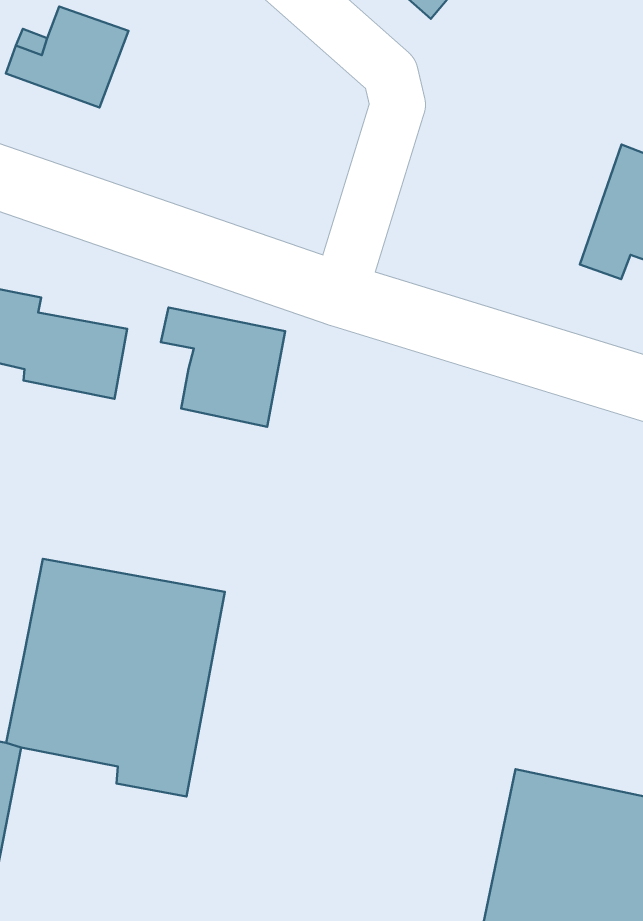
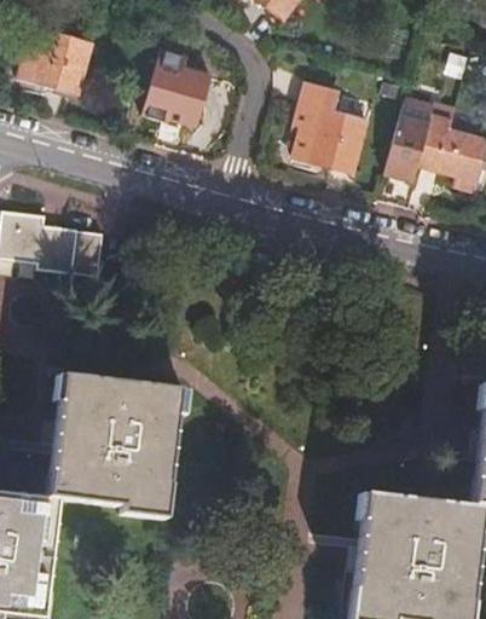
building: none -> [141,58,219,127]
building: none -> [291,86,366,173]
building: [161,308,285,427] -> none

